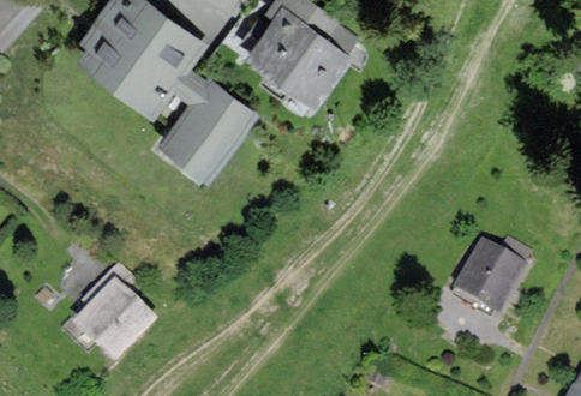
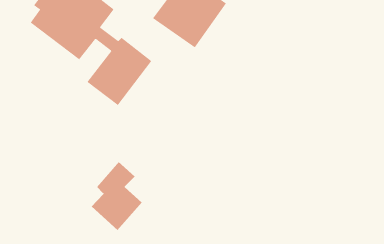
building: [456,238,529,311] -> none
building: [78,264,150,361] -> [91,161,142,231]

